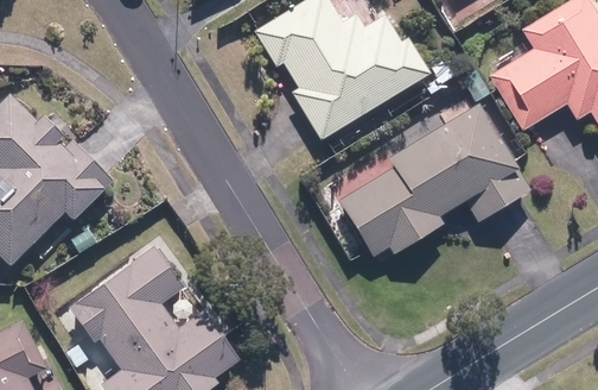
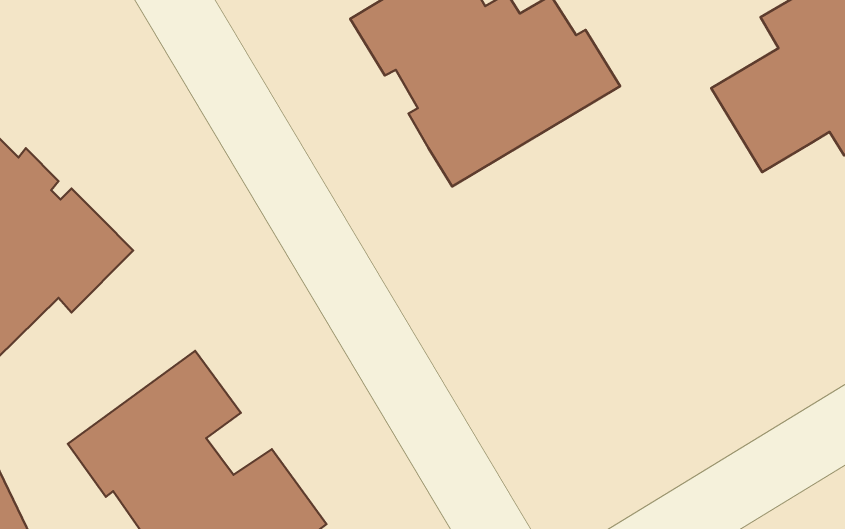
building: [339,98,530,257] -> none

